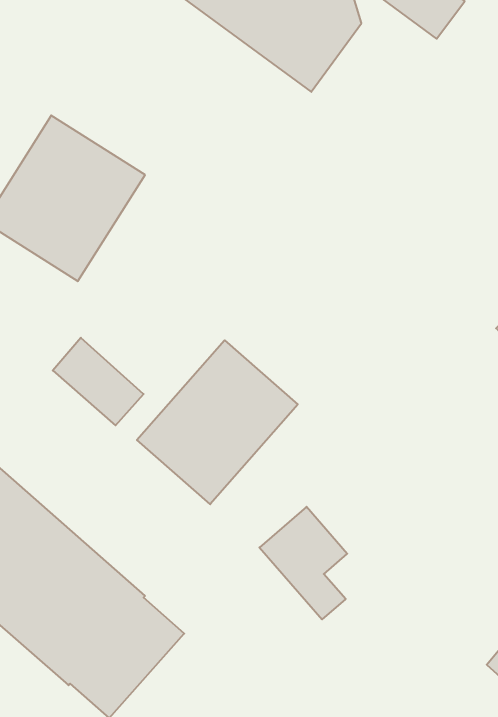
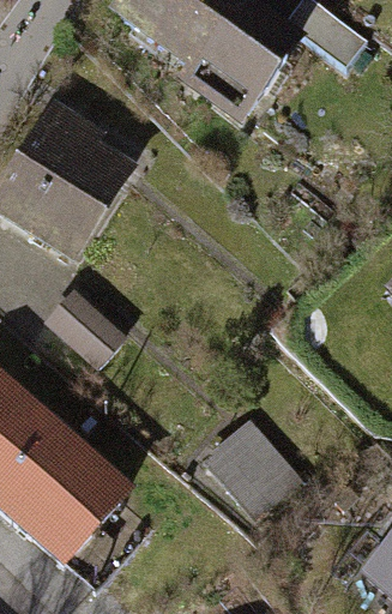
building: [137,340,298,504] -> none

